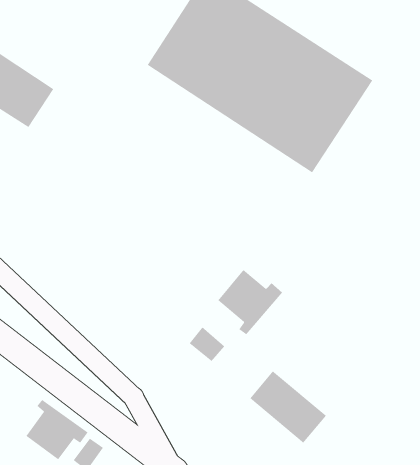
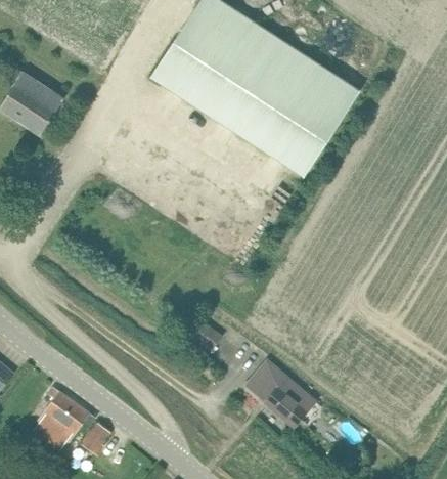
building: [218,269,283,335] -> none

